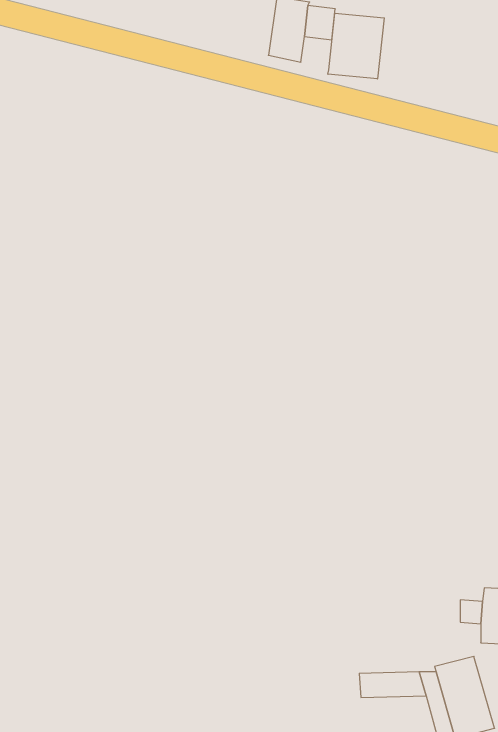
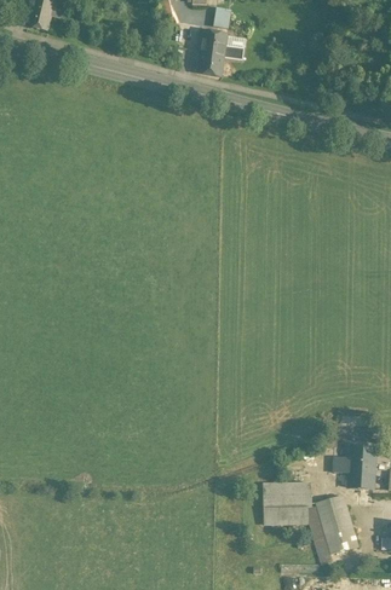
building: [328,13,384,79] -> none
building: none -> [263,481,312,507]

